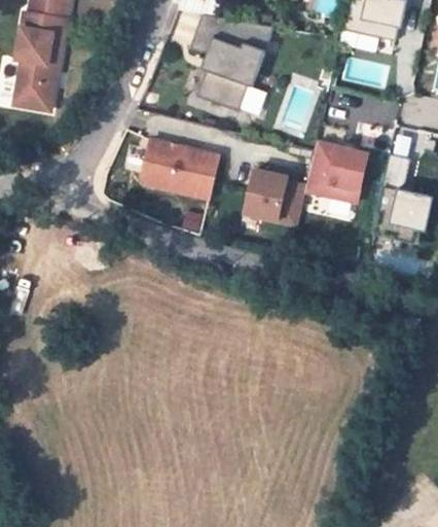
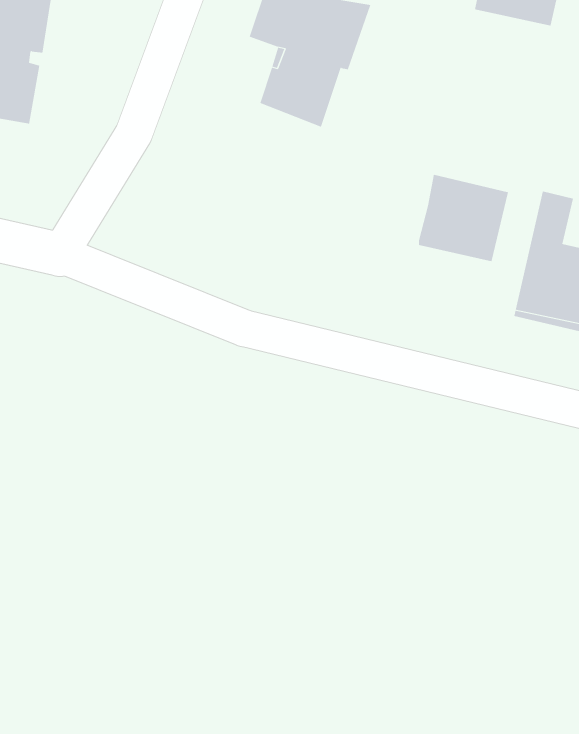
building: [143,141,220,200] -> none
building: [246,171,307,227] -> none

